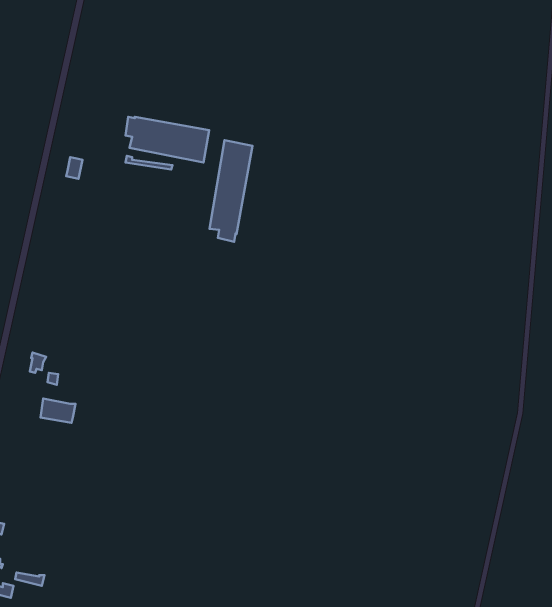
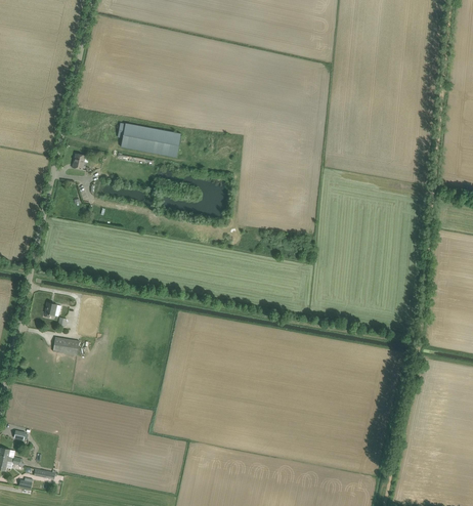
building: [210,140,253,242] -> none

